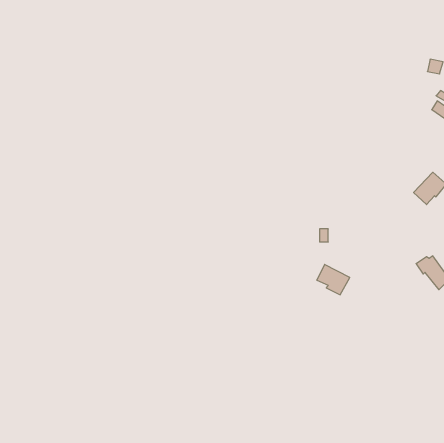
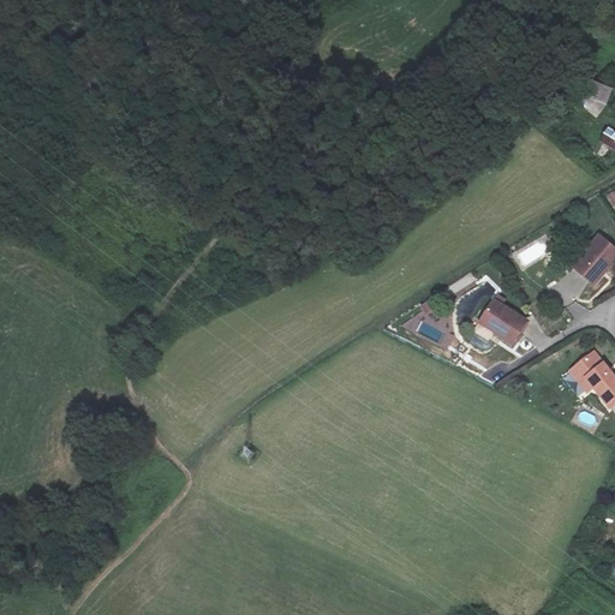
building: [317,264,350,295] -> [479,300,525,342]

